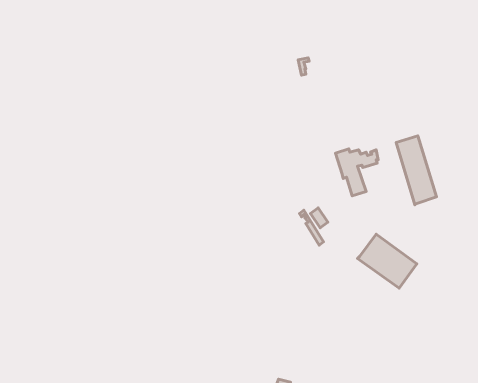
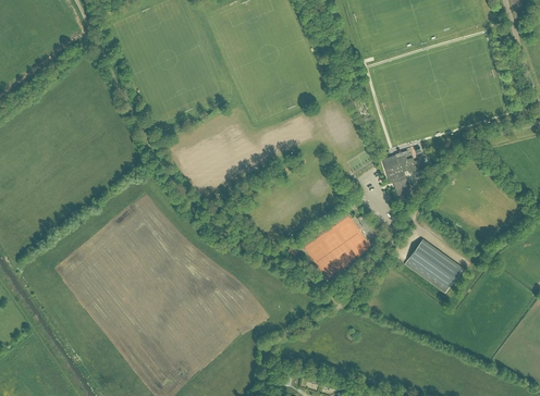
building: [396,136,436,205] -> none

